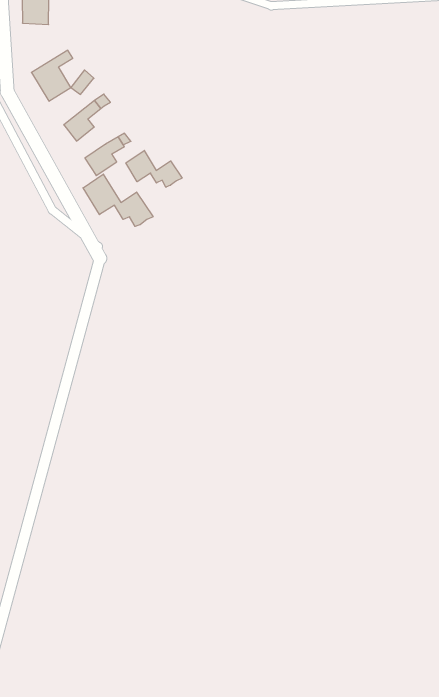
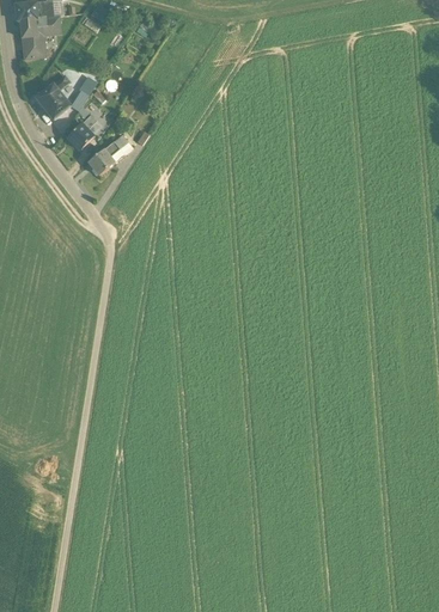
building: [126,150,182,187] -> none
building: [83,174,153,226] -> none

